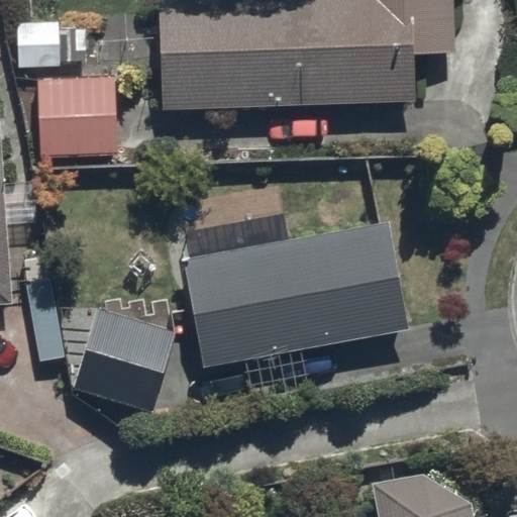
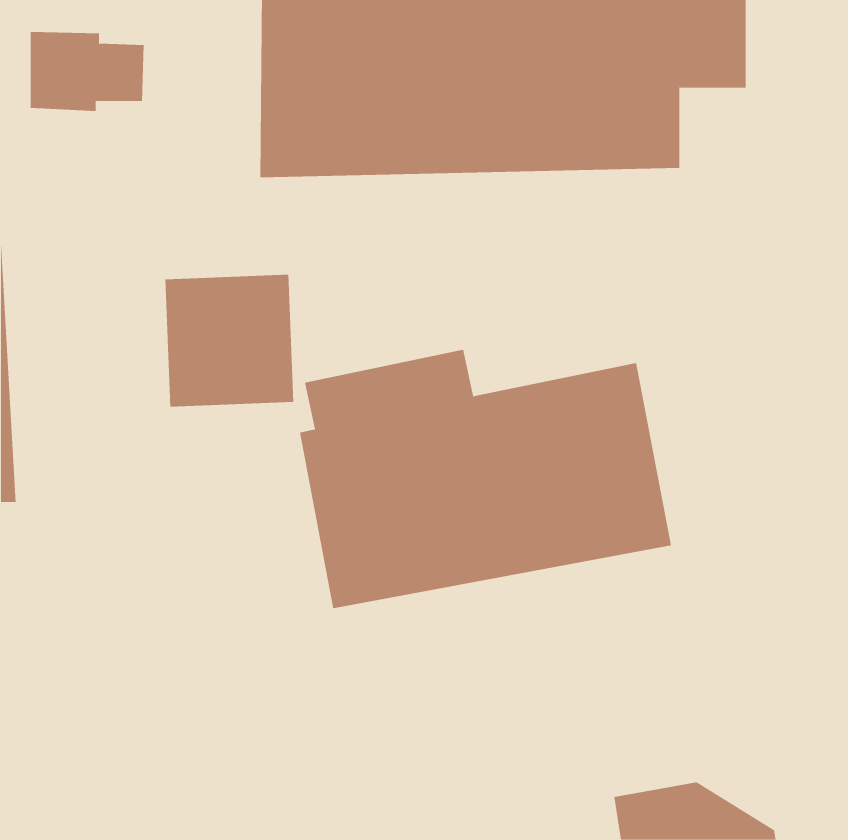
building: [37,76,116,157] -> [165,274,294,407]
building: [71,306,179,413] -> none

